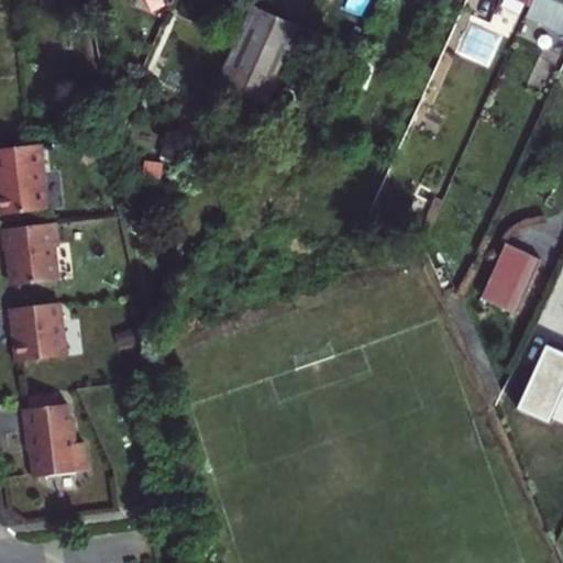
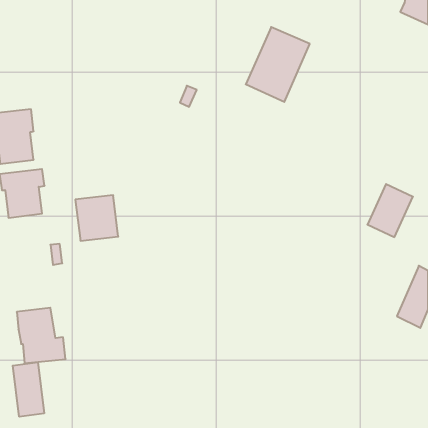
building: [219,4,302,102] -> [246,27,310,102]
building: [9,301,65,361] -> [75,195,118,241]
building: none -> [13,362,44,417]

